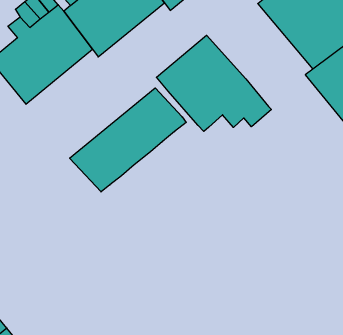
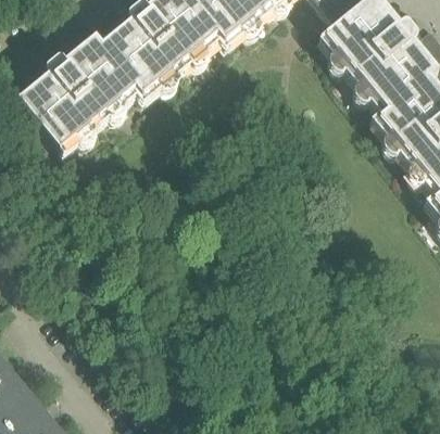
building: [156,35,271,131] -> none
building: [70,88,186,192] -> none

